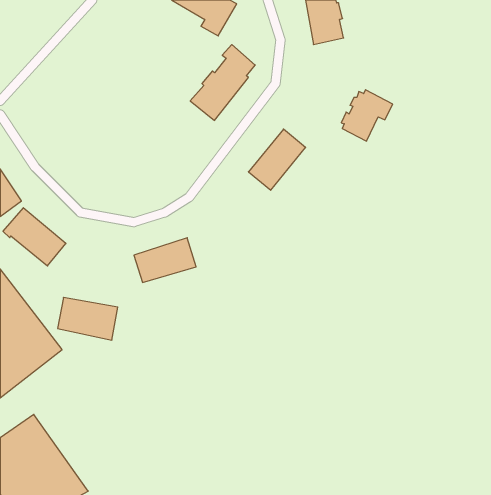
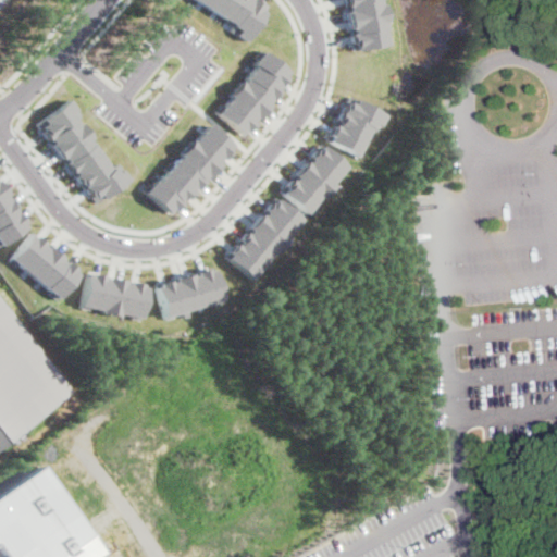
building: none -> [40,99,132,203]
building: [341,90,393,141] -> [331,99,388,157]
building: none -> [147,125,235,216]
building: none -> [226,199,305,281]
building: [58,297,118,340] -> [81,273,148,321]

